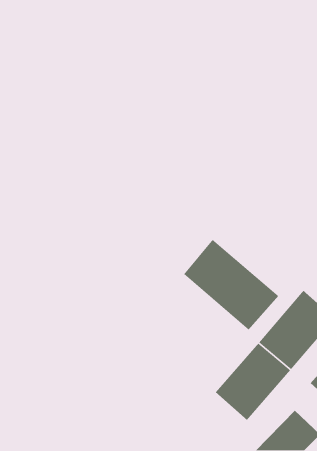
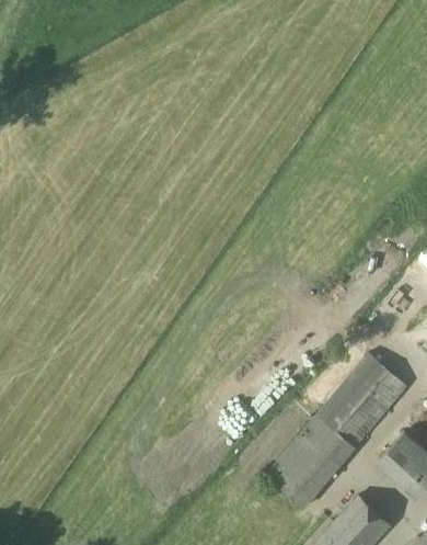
building: [183,239,279,330] -> none

